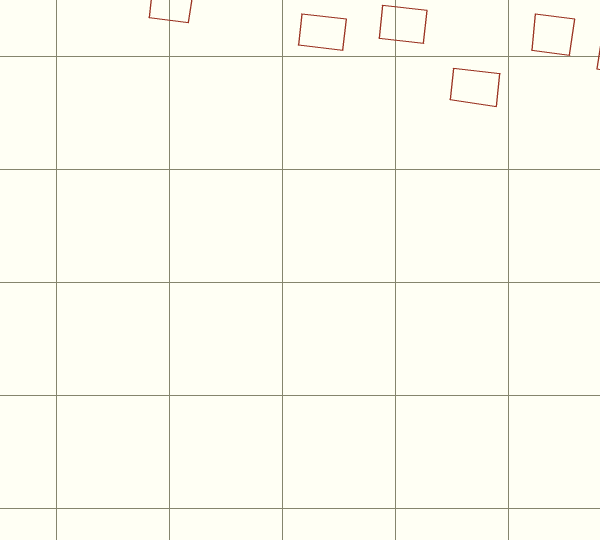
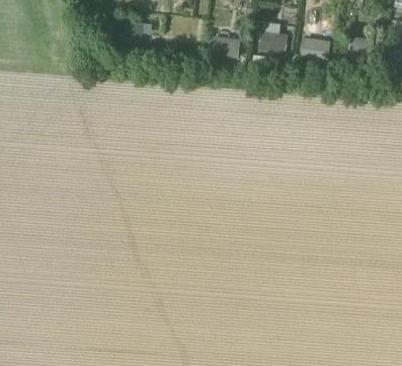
building: [450,69,500,106] -> [300,36,329,59]

